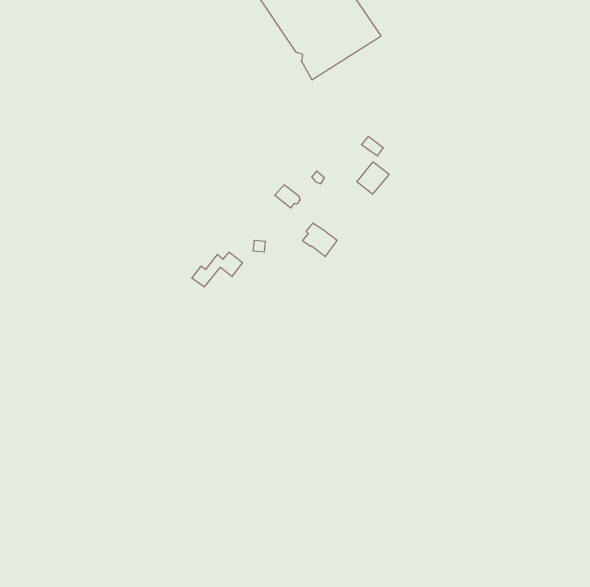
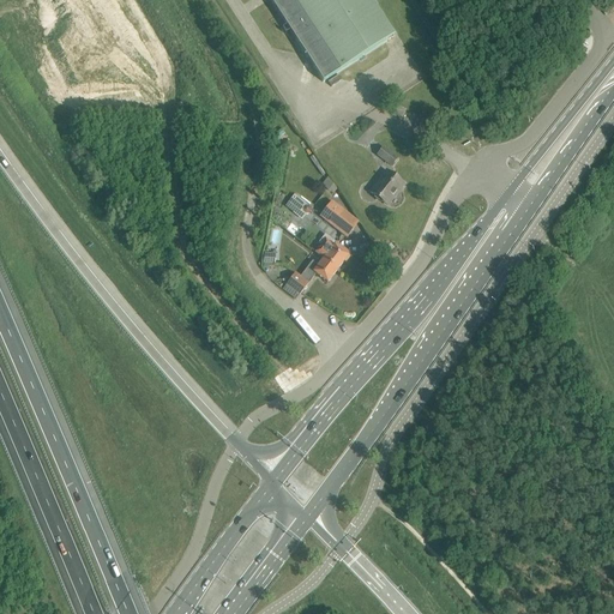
building: none -> [319,199,357,234]
building: [192,252,243,287] -> [285,255,338,291]

